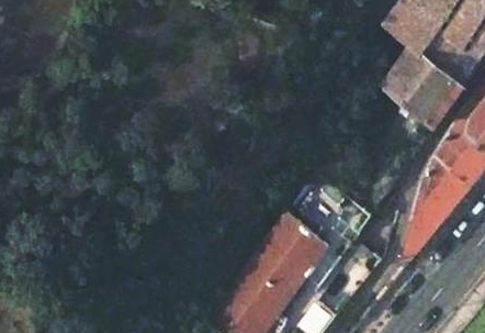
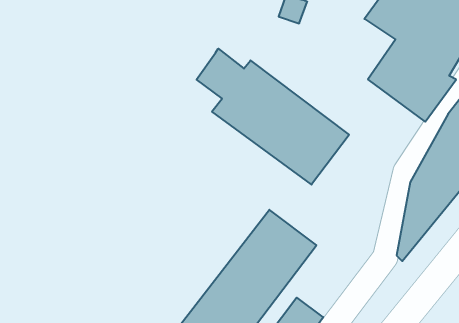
building: none -> [197,49,349,185]

